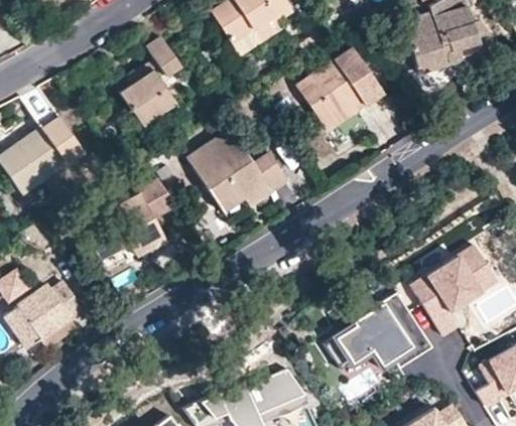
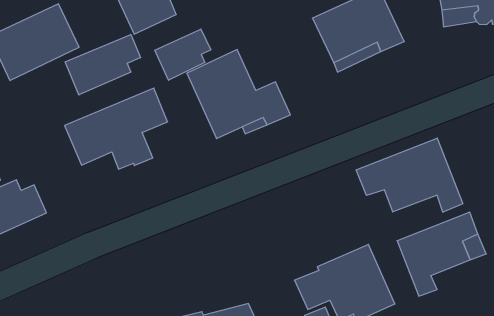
building: none -> [155,29,211,80]
building: none -> [65,34,141,95]
building: none -> [356,138,463,212]

